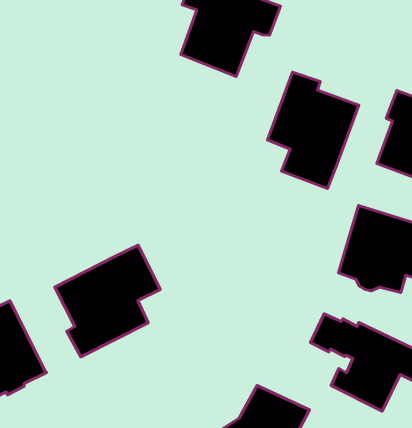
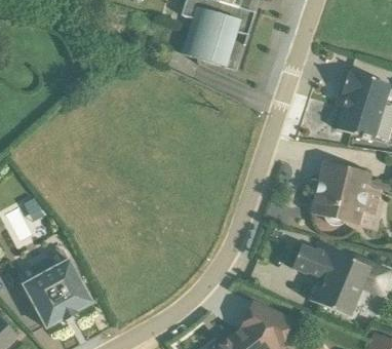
building: [268,72,359,189] -> none
building: [55,245,160,357] -> none

